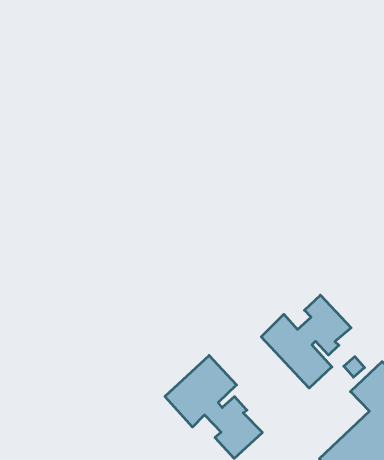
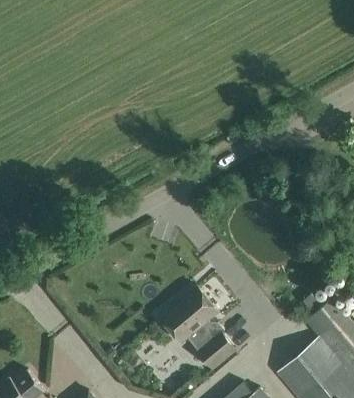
building: [261,295,351,388] -> none

